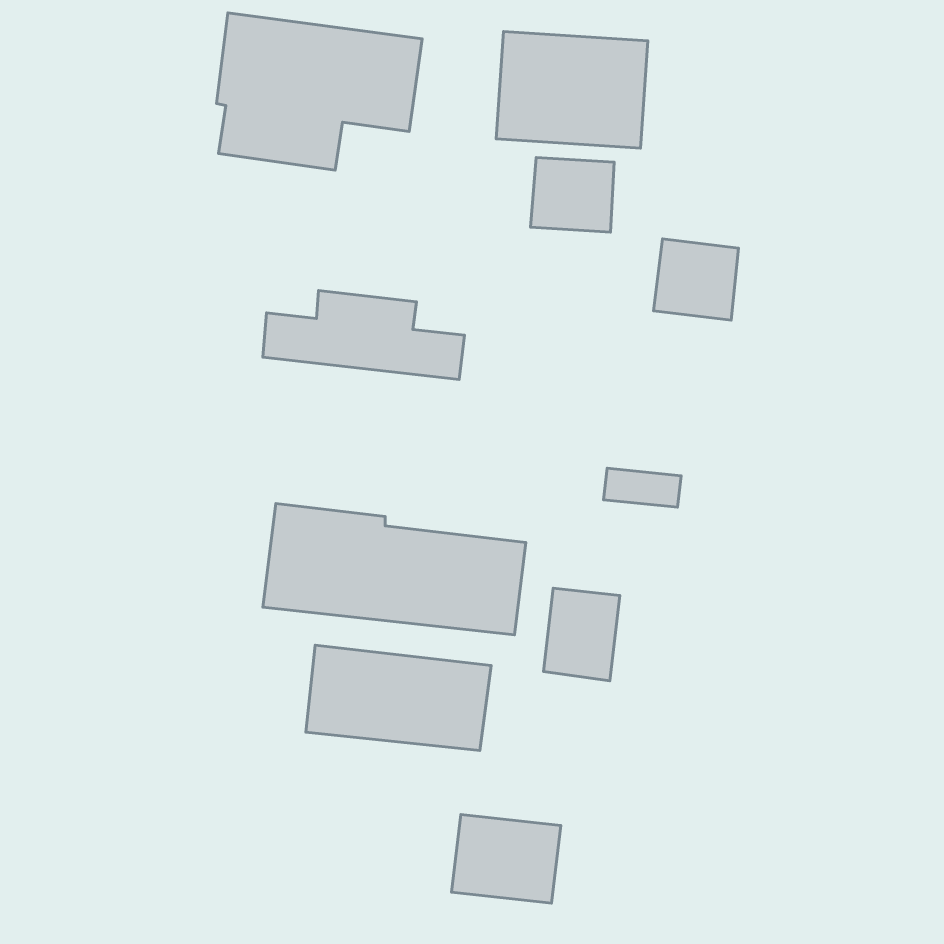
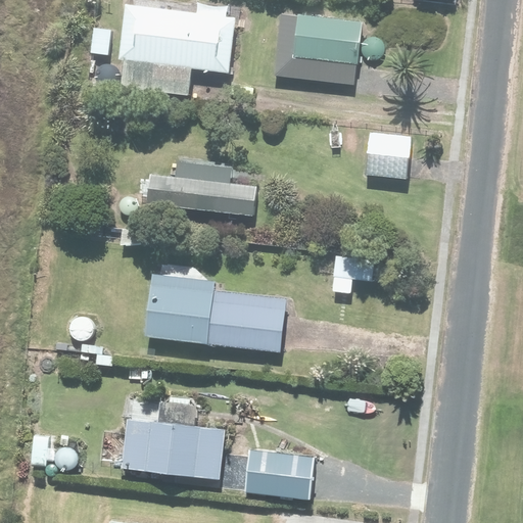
building: [531,157,614,232] -> none
building: [544,588,620,681] -> none
building: [306,645,491,751] -> [125,420,227,478]

